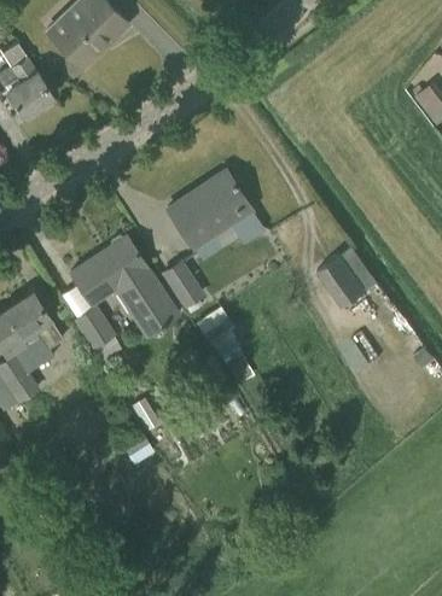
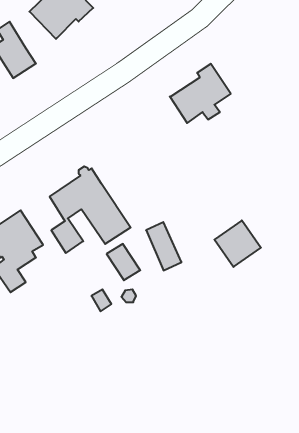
building: [171,173,252,251] -> [170,64,231,123]
building: [315,246,377,308] -> [214,220,261,267]
building: [161,259,205,308] -> [107,244,140,280]

